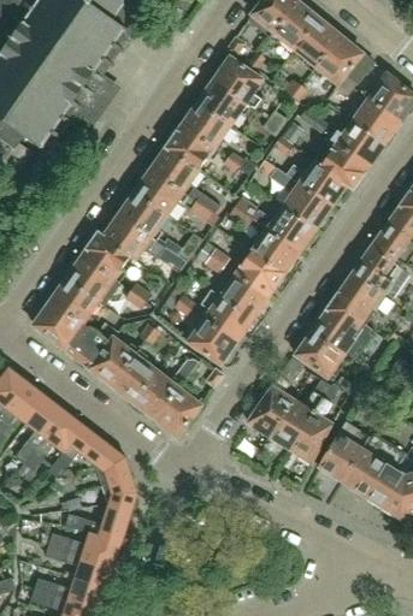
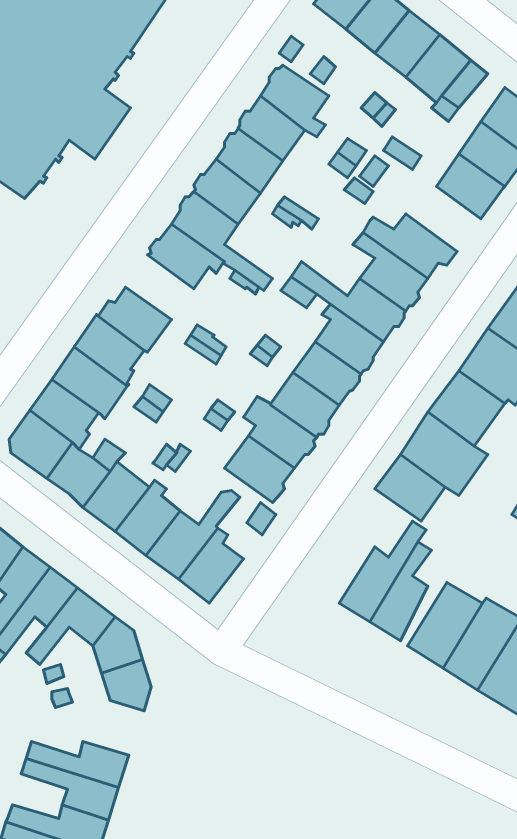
building: [320,138,368,188] -> none
building: [118,190,166,236] -> none
building: [248,359,301,436] -> none
building: [65,504,131,543] -> none

